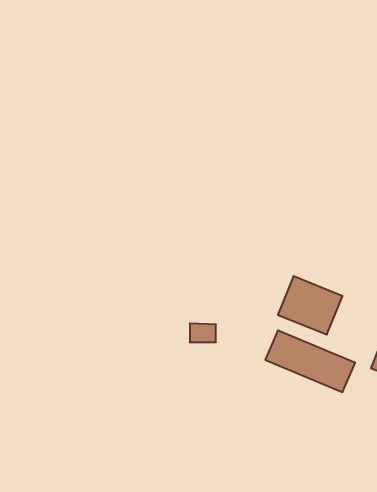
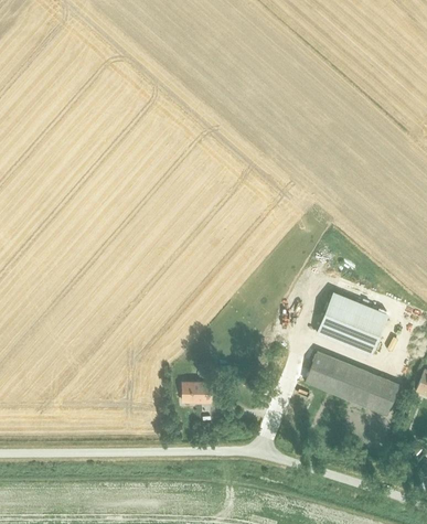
building: [190,323,216,342] -> [182,383,210,403]

